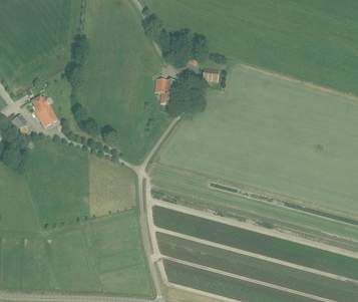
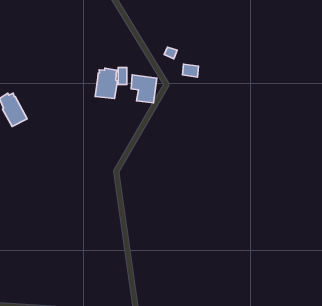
building: none -> [95,68,117,99]

